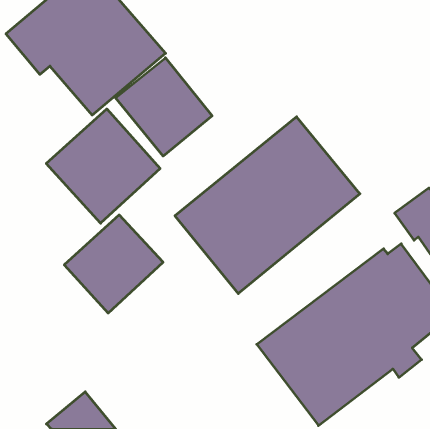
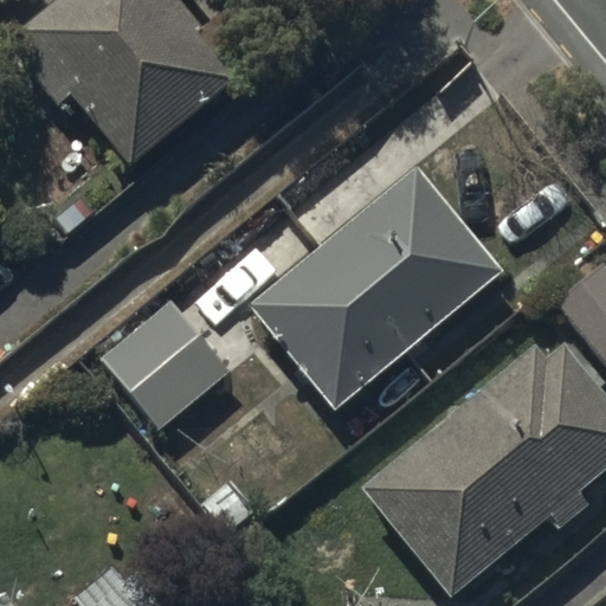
building: [116,58,212,156] -> none
building: [46,109,160,223] -> none

